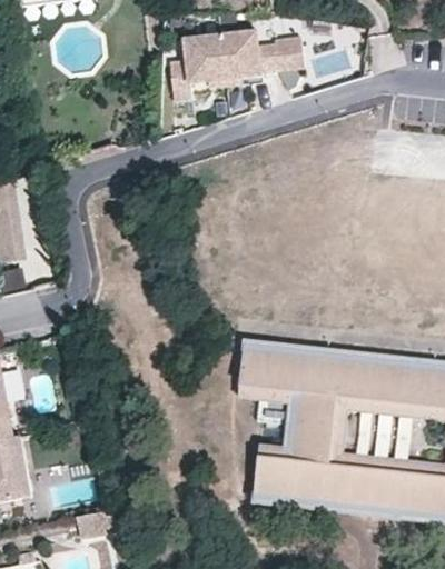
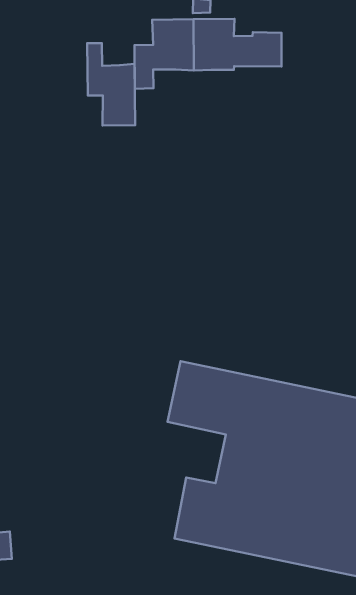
building: none -> [87,43,135,125]

